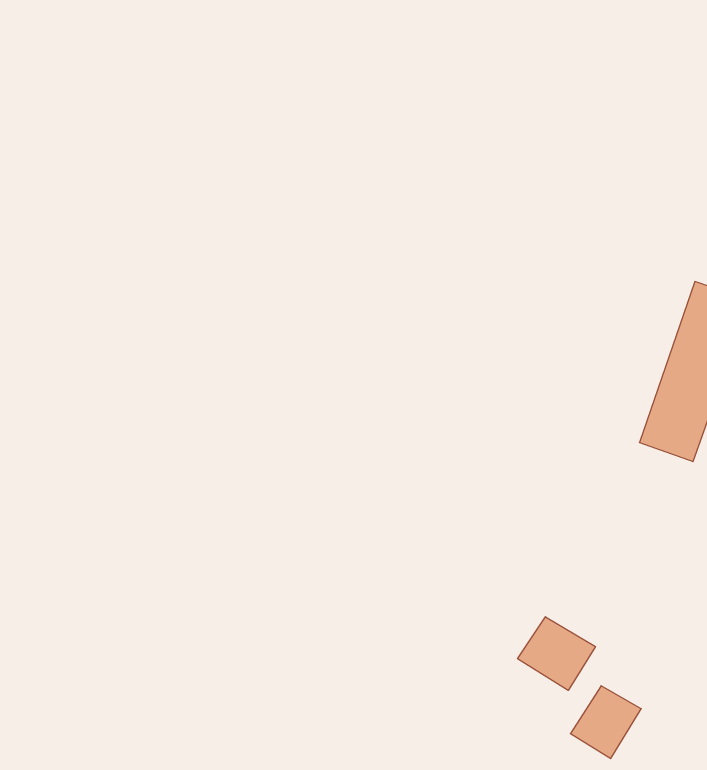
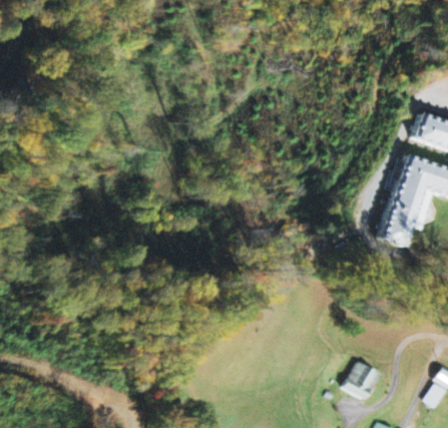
building: [518,617,595,690] -> none

